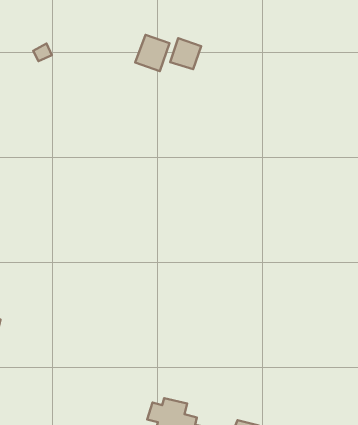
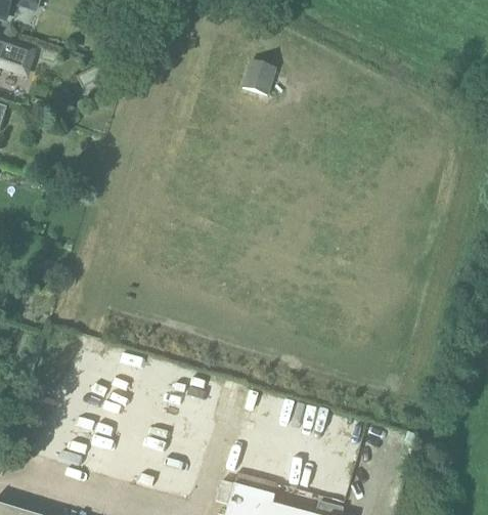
building: [135,35,170,71] -> none

